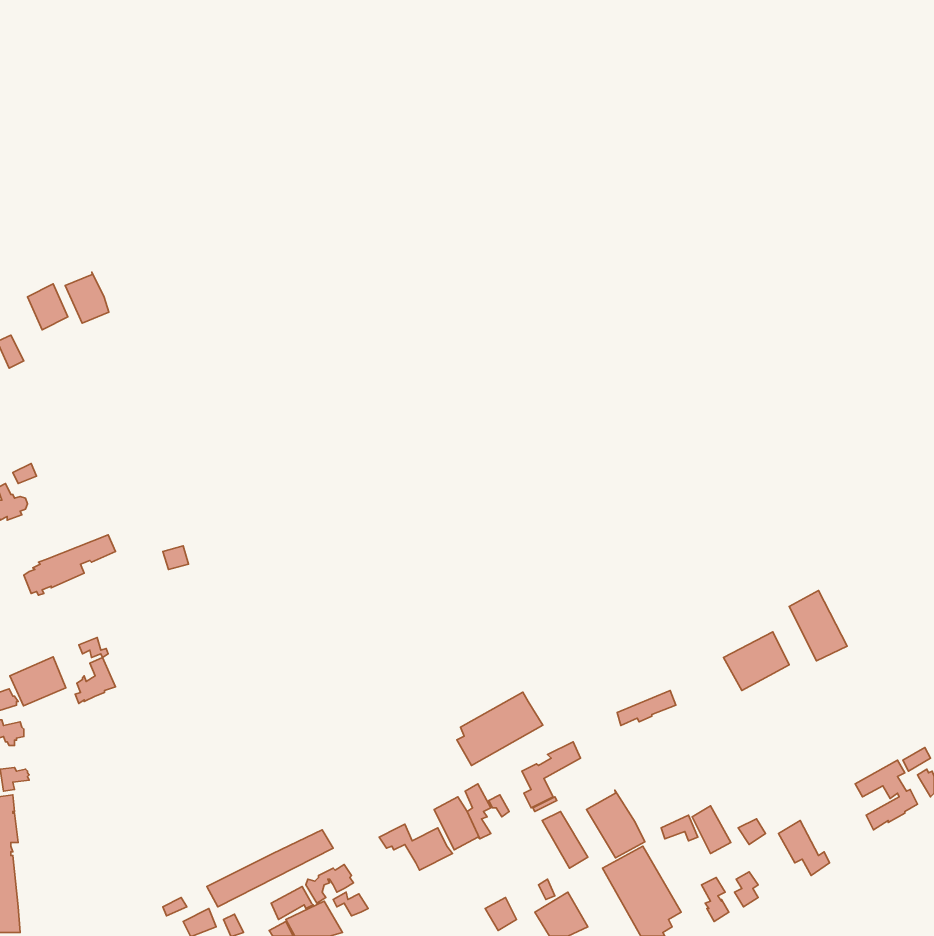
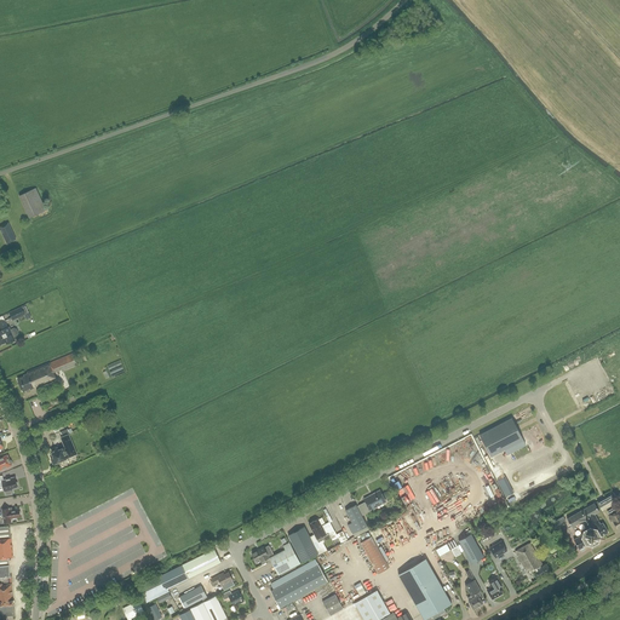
building: [65,272,109,323] -> none
building: [789,591,847,661] -> none
building: [10,657,66,706] -> none
building: [457,692,543,766] -> [270,559,327,608]
building: [587,790,645,858] -> none

